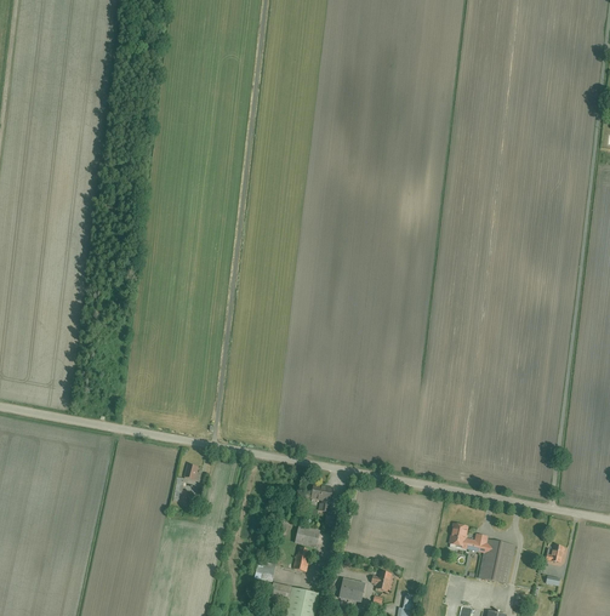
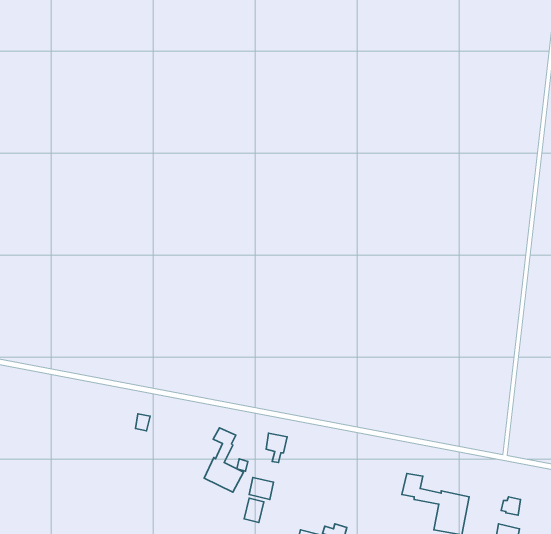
building: none -> [204,428,244,492]

